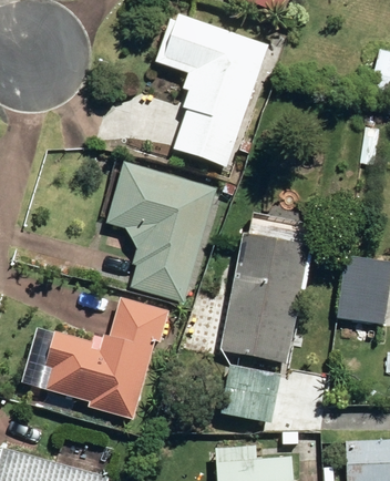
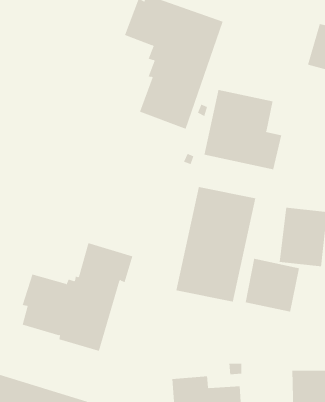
building: none -> [204,89,282,170]
building: [105,161,216,304] -> none
building: [216,364,278,424] -> [245,258,300,312]

